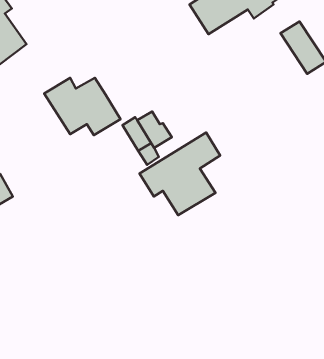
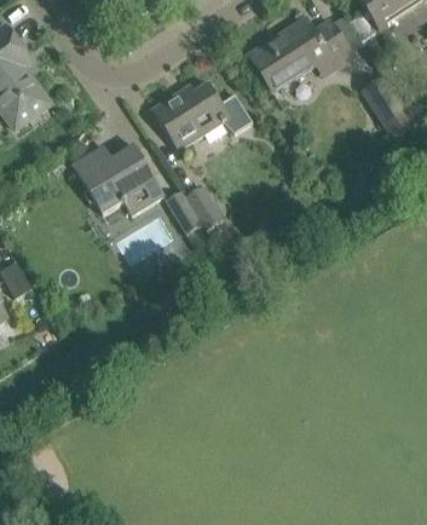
building: none -> [150,82,250,150]
building: [139,133,220,215] -> none

